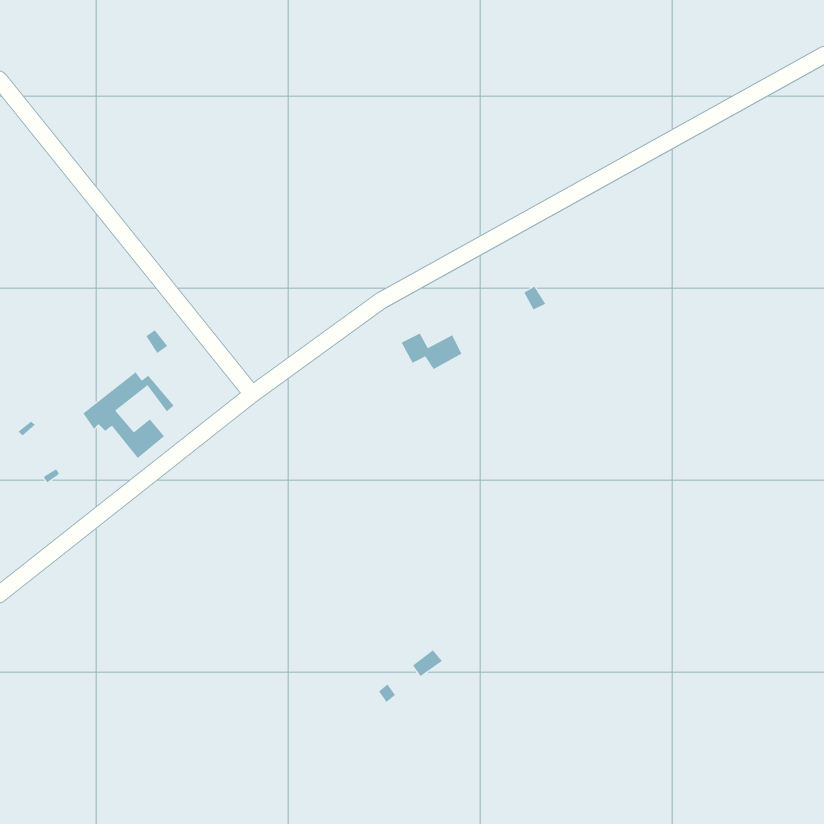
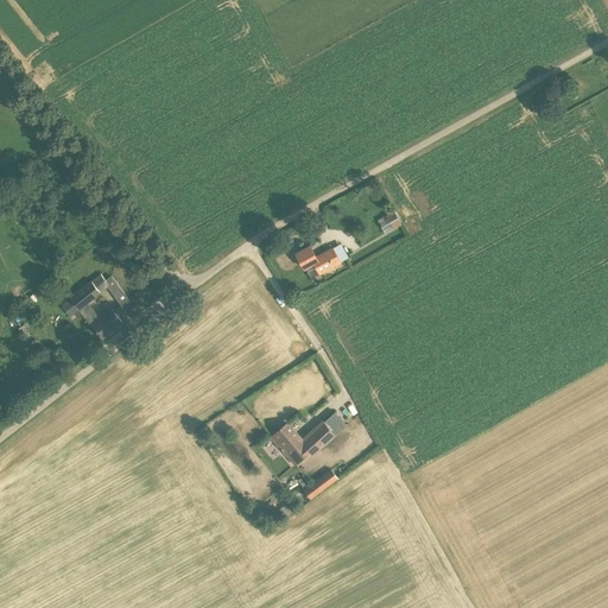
building: none -> [270,420,334,463]

